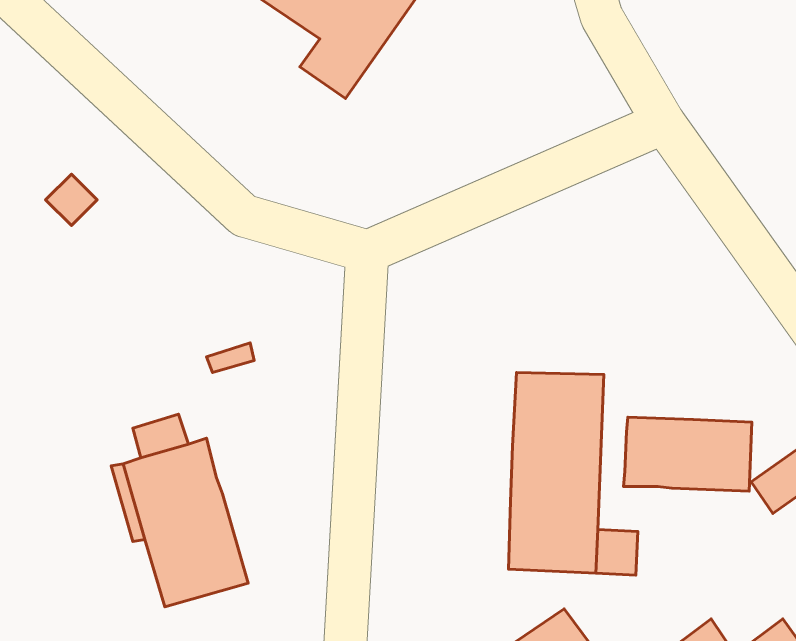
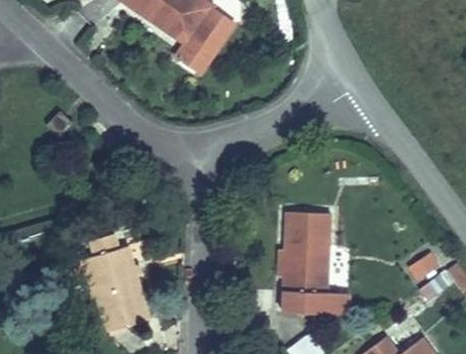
building: [624,417,752,491] -> none

